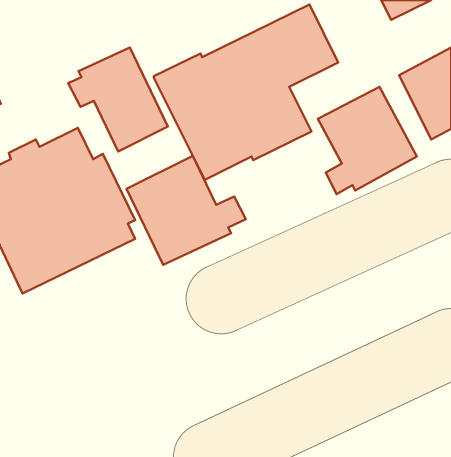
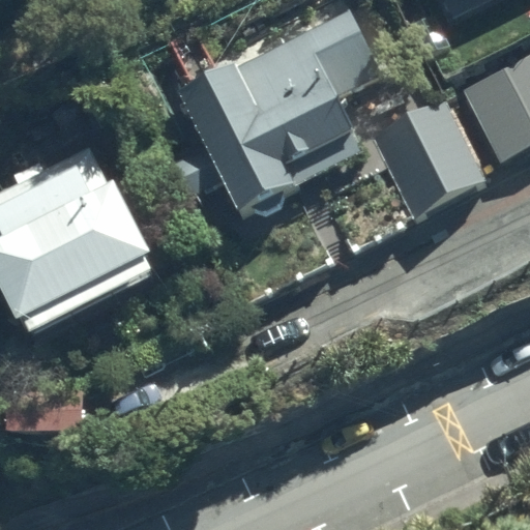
building: [68,48,168,152] -> none
building: [127,156,246,265] -> none

